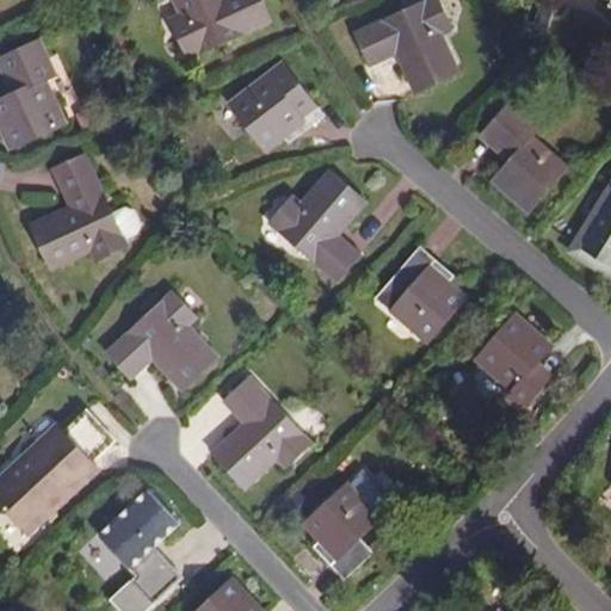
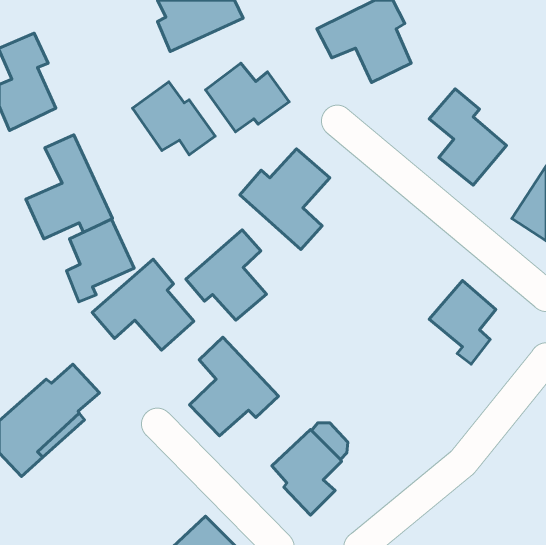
building: none -> [132,82,215,155]
building: [390,246,465,341] -> none
building: none -> [66,219,134,302]
building: none -> [186,230,266,320]
building: [100,489,180,604] -> none

